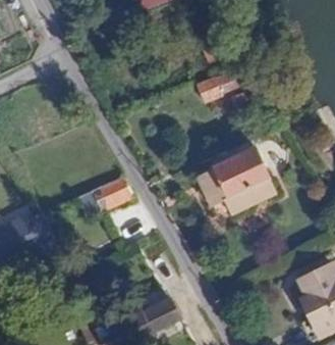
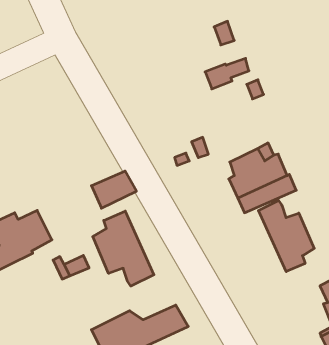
building: none -> [258,201,314,272]
building: none -> [93,211,154,286]

